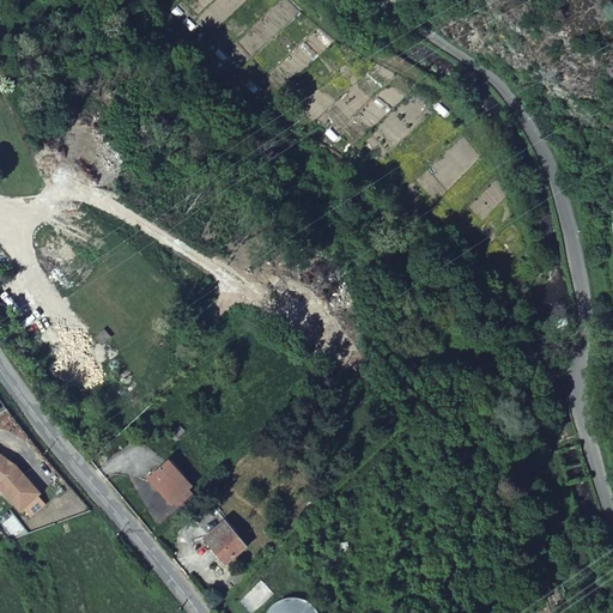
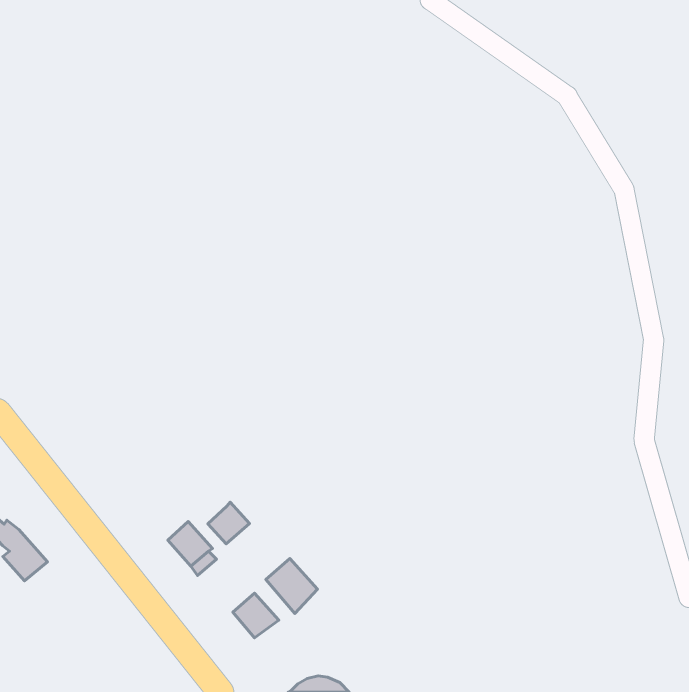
building: none -> [208,502,249,544]
building: none -> [266,559,317,613]

